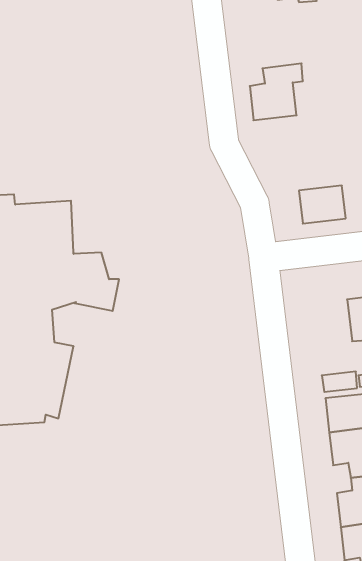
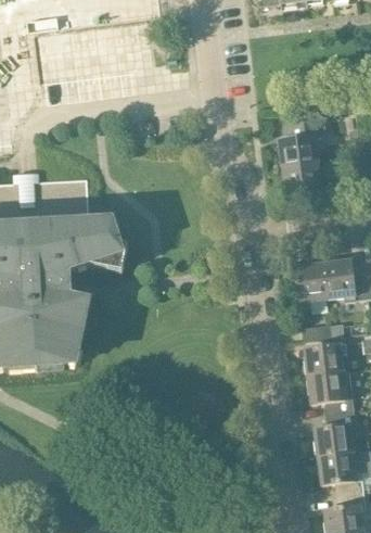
building: [250,63,303,120] -> [278,120,323,169]
building: none -> [294,263,327,308]

